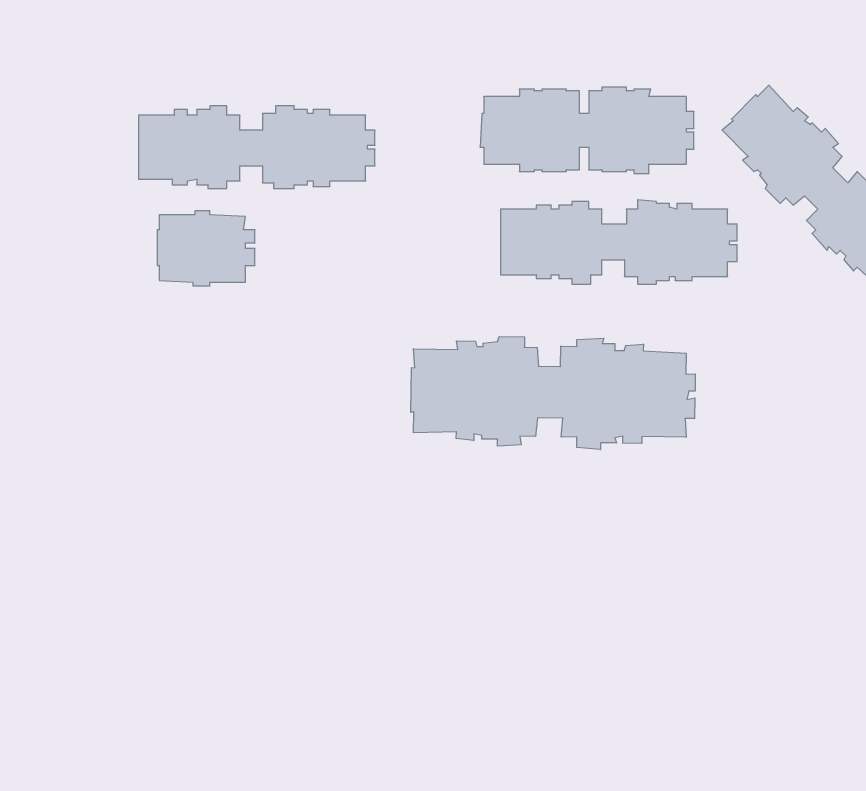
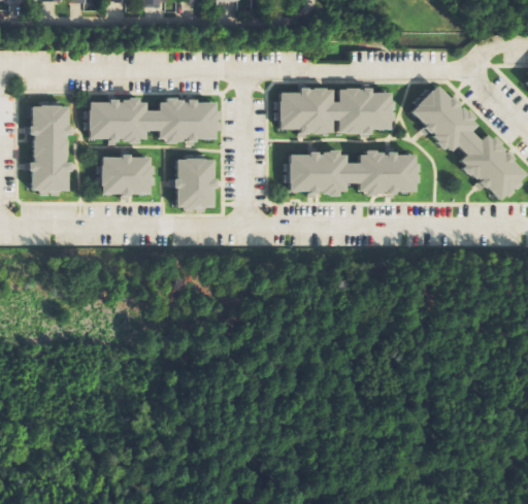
building: none -> [29,101,71,196]
building: none -> [175,155,217,212]
building: [411,337,695,450] -> none

